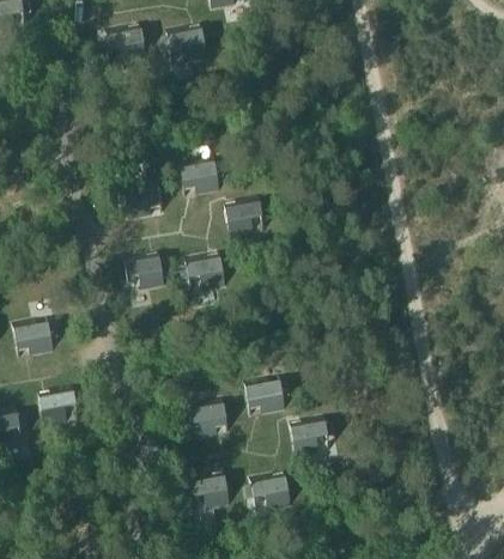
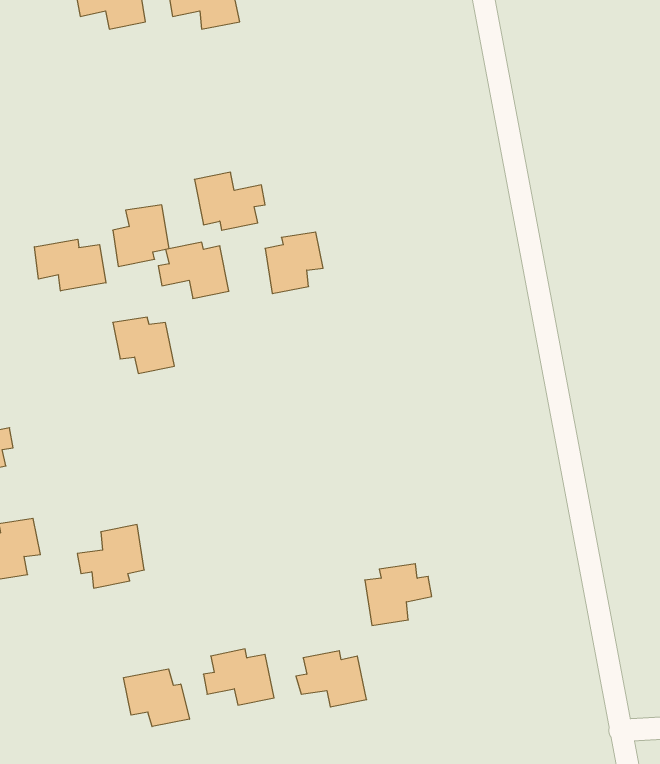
building: none -> [34,239,106,291]
building: [178,254,225,291] -> [158,242,229,298]
building: [243,376,290,414] -> none
building: [182,396,226,438] -> [77,525,144,588]
building: none -> [124,669,189,727]

